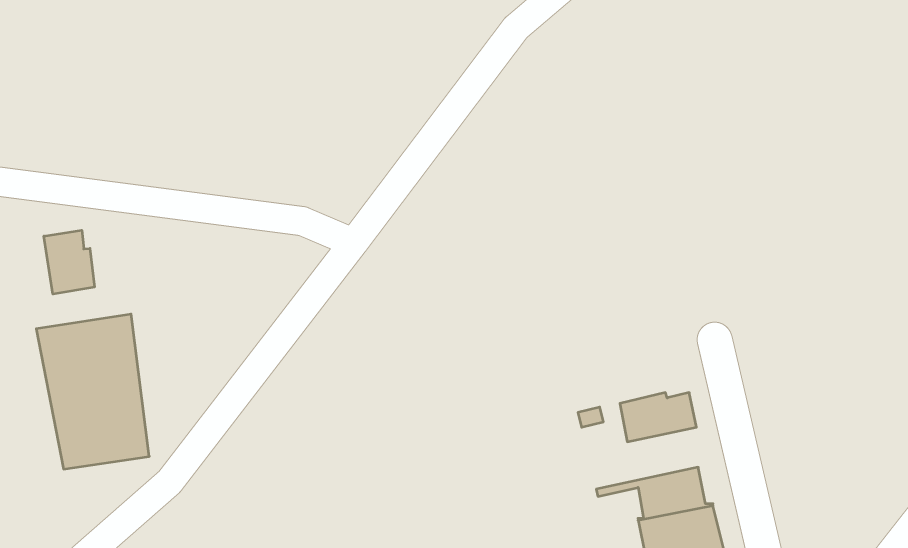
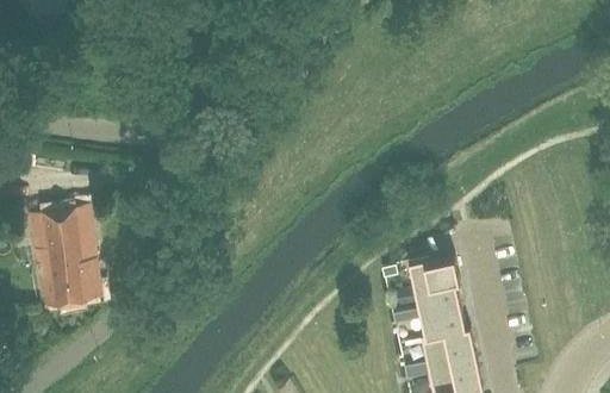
building: [44,230,94,294] -> none
building: none -> [392,282,460,323]

